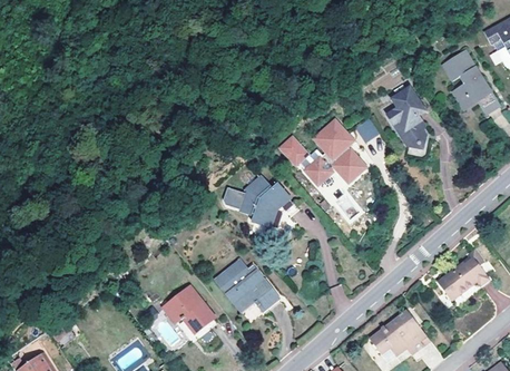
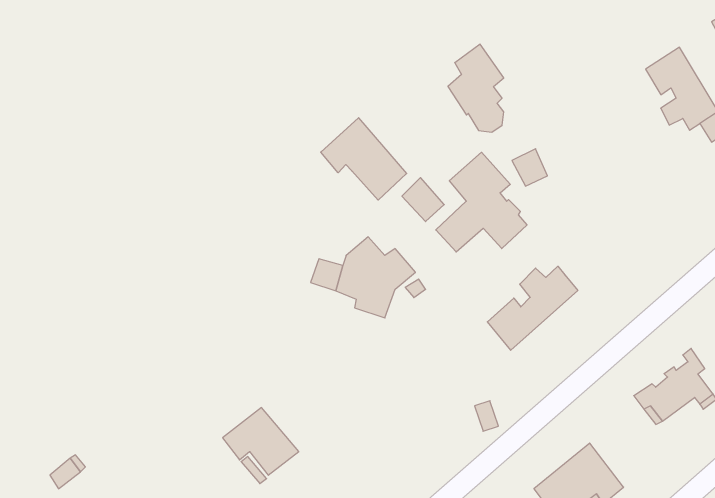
building: [388,86,424,144] -> [448,44,504,132]
building: none -> [321,118,407,200]
building: none -> [487,266,578,350]
building: [215,260,279,312] -> none

